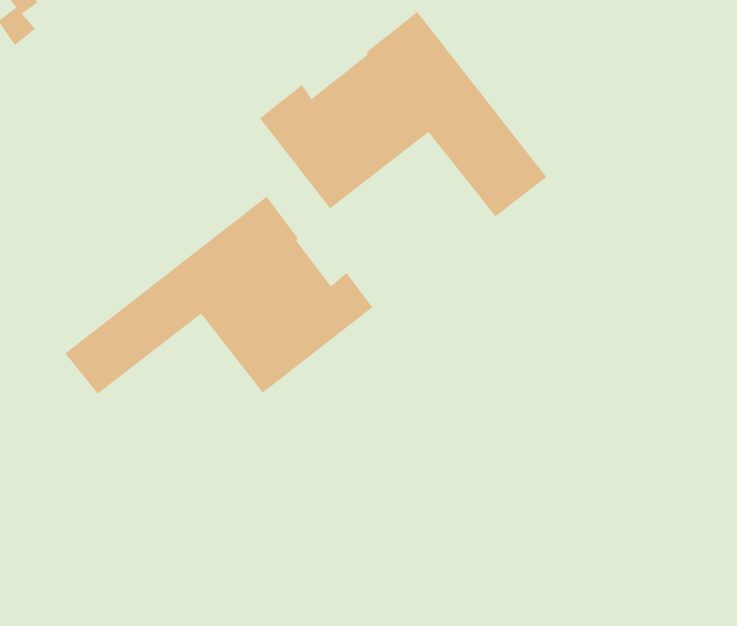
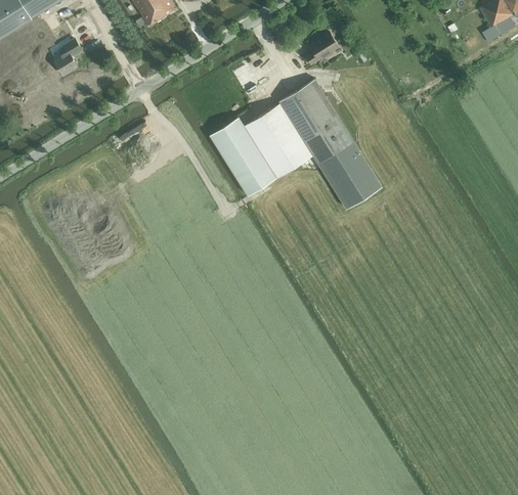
building: [65,196,373,395] -> none

